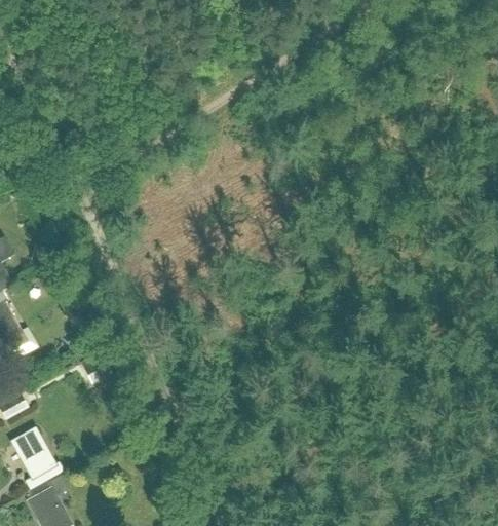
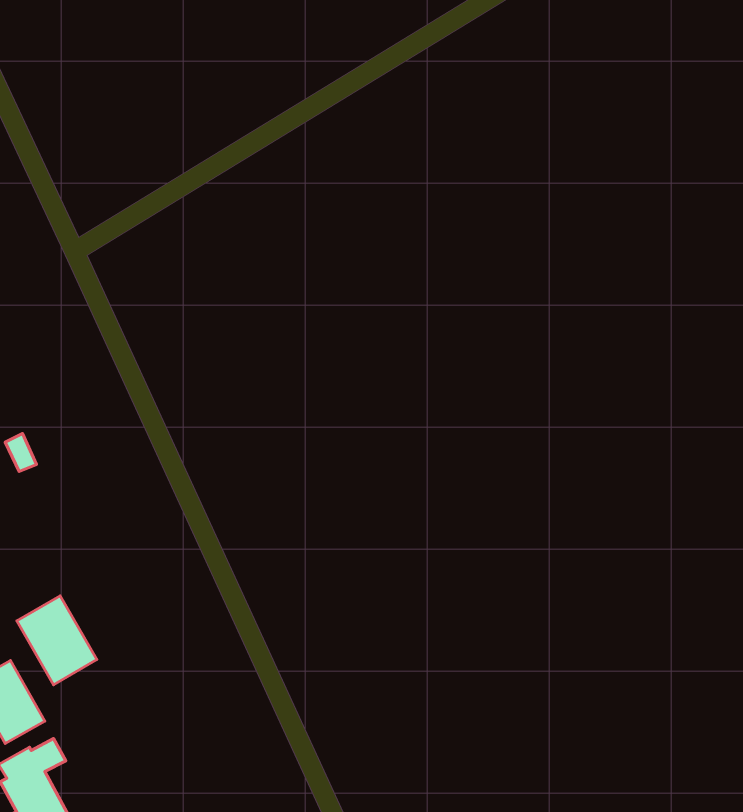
building: none -> [17,596,97,685]

